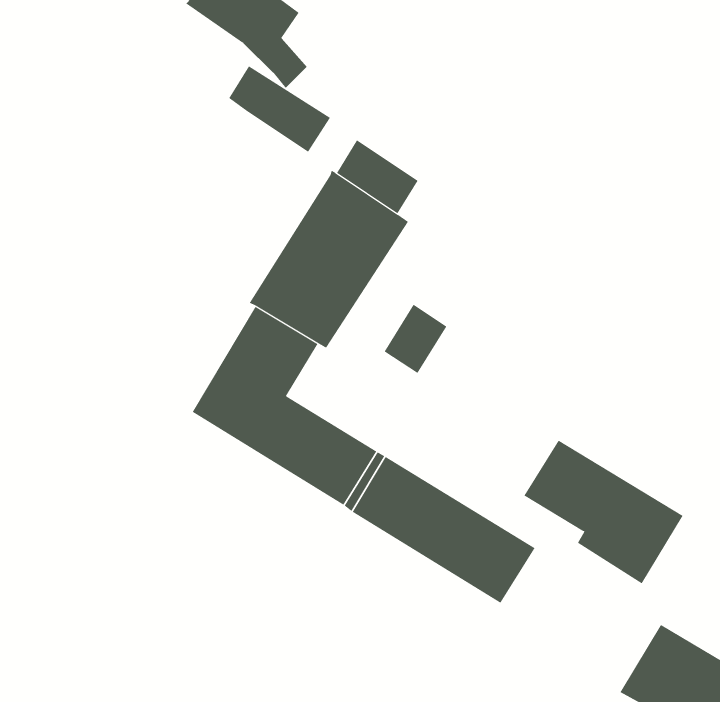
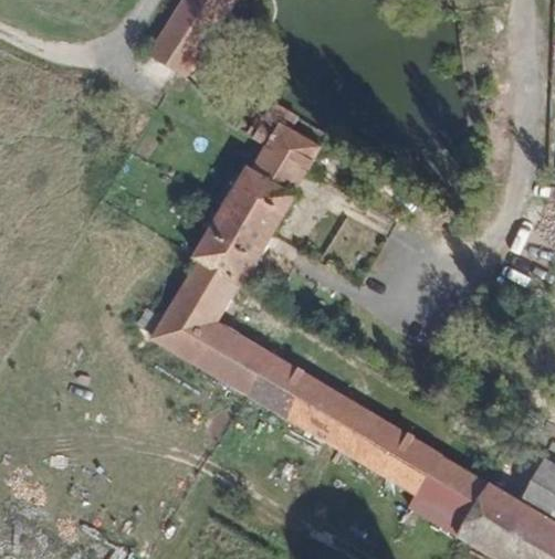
building: [228,65,331,153] -> [252,109,324,170]
building: [384,304,447,374] -> none
building: [523,440,683,584] -> [366,426,478,527]

